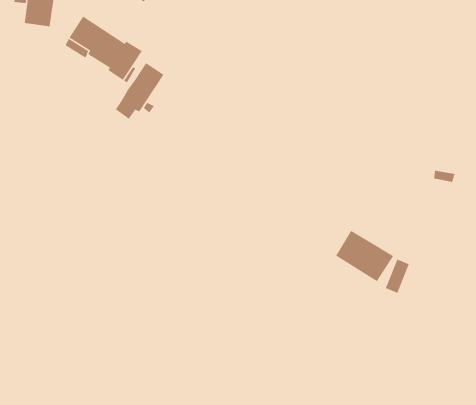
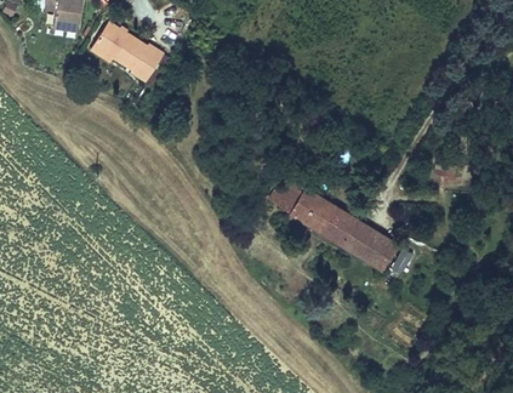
building: [115,62,164,120] -> none
building: none -> [269,180,357,244]

